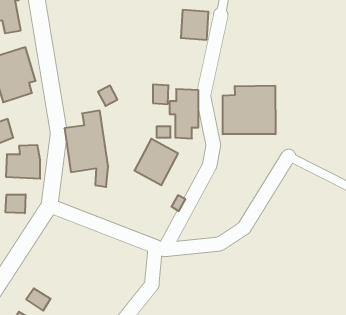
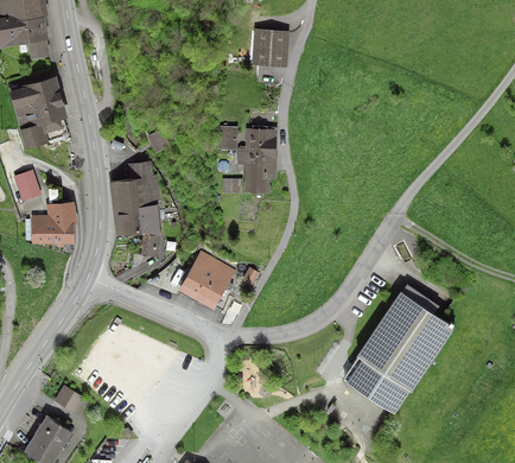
building: [223,86,275,134] -> none
building: [134,139,178,185] -> [180,250,236,310]
building: [6,194,26,213] -> none
building: none -> [342,287,454,410]

